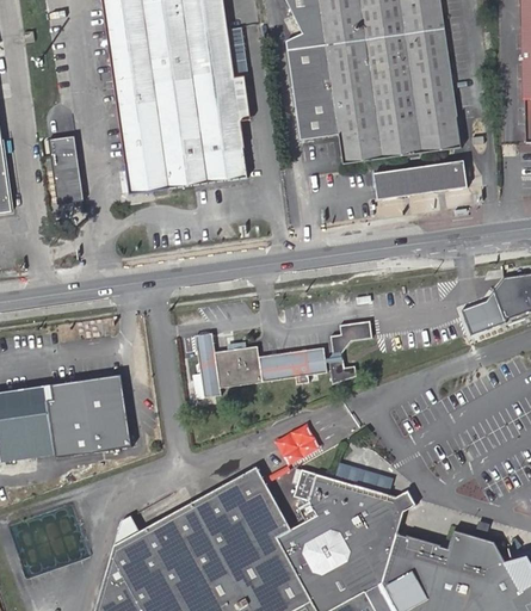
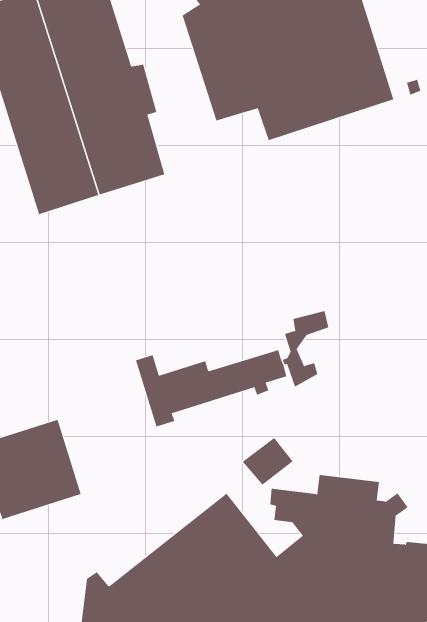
building: [375,159,467,199] -> none

